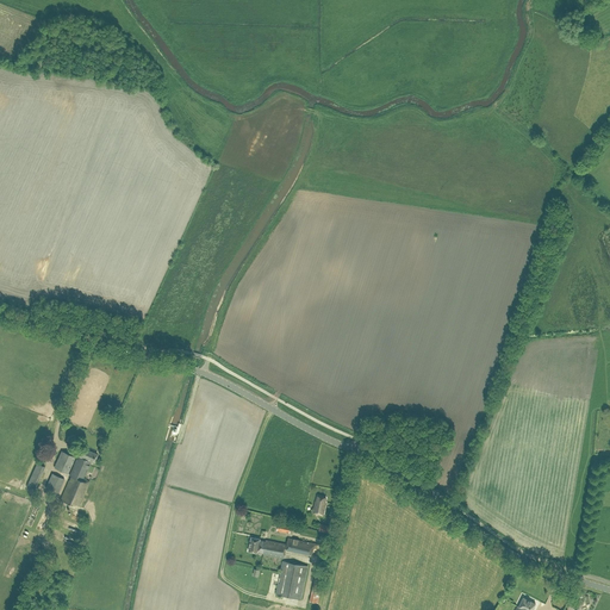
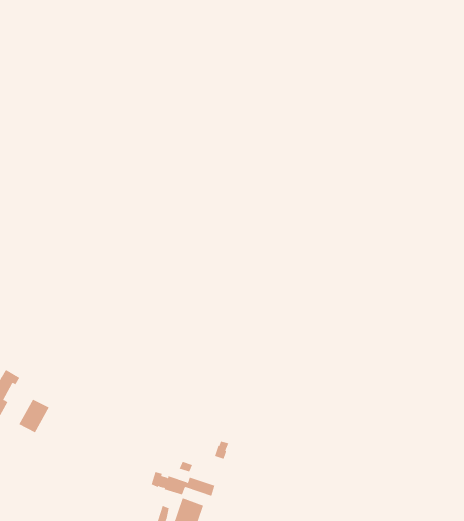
building: none -> [18,399,50,433]

